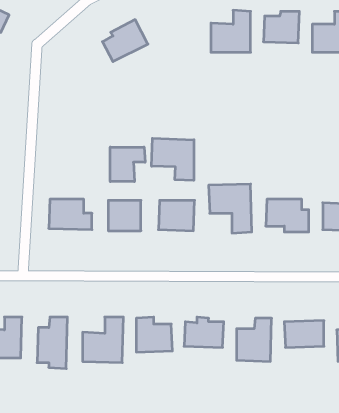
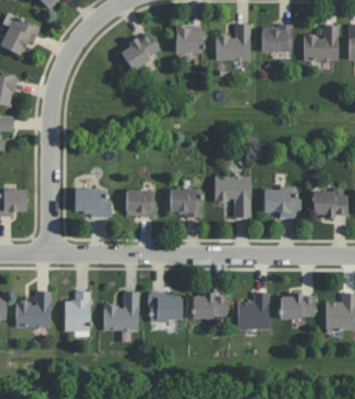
building: none -> [175,24,202,53]
building: [152,138,194,180] -> none
building: [110,147,145,182] -> none

